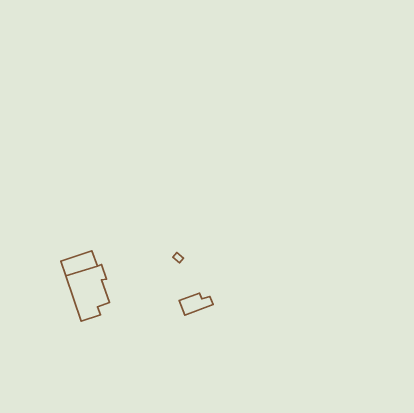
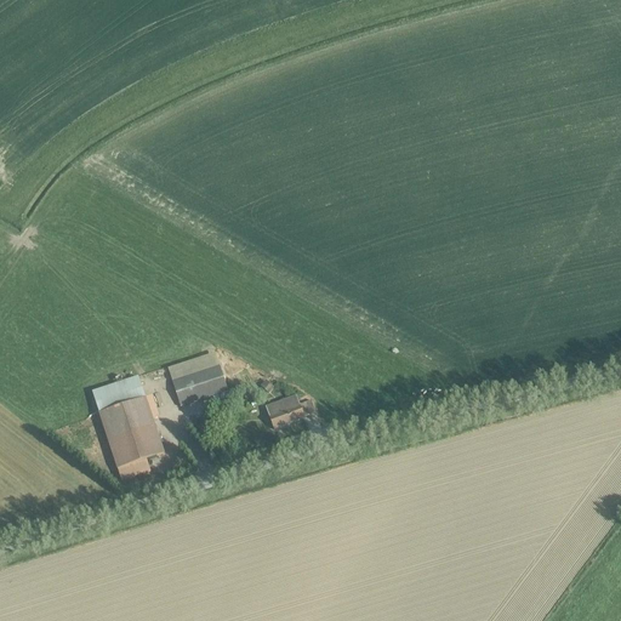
building: none -> [167,352,227,405]
building: [179,293,213,315] -> [264,394,315,427]

